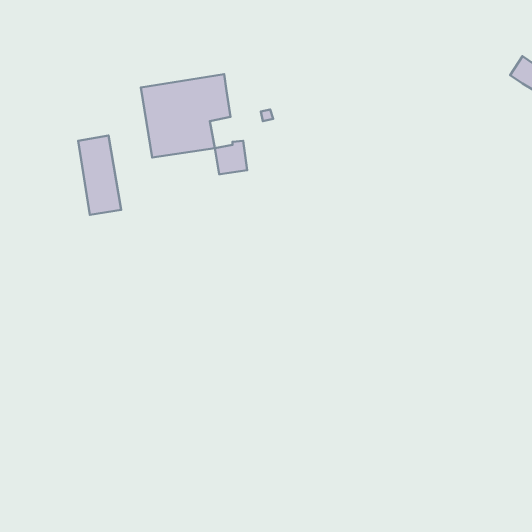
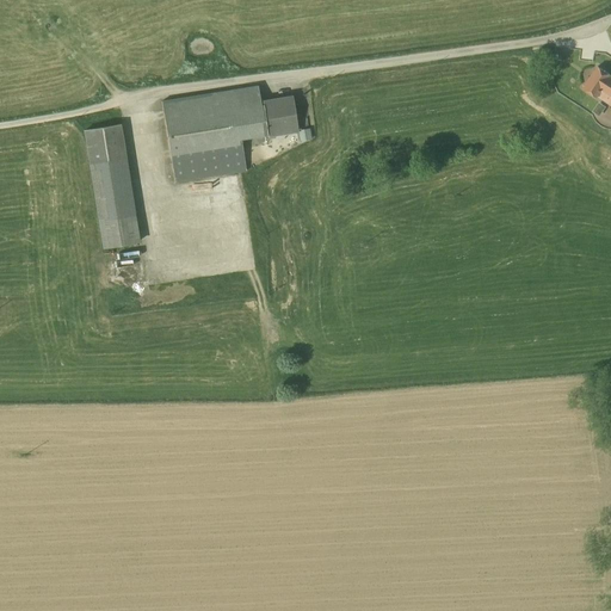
building: none -> [85,124,125,162]
building: [215,141,247,174] -> [260,97,297,135]

